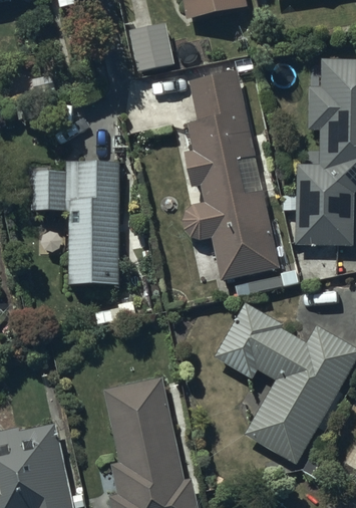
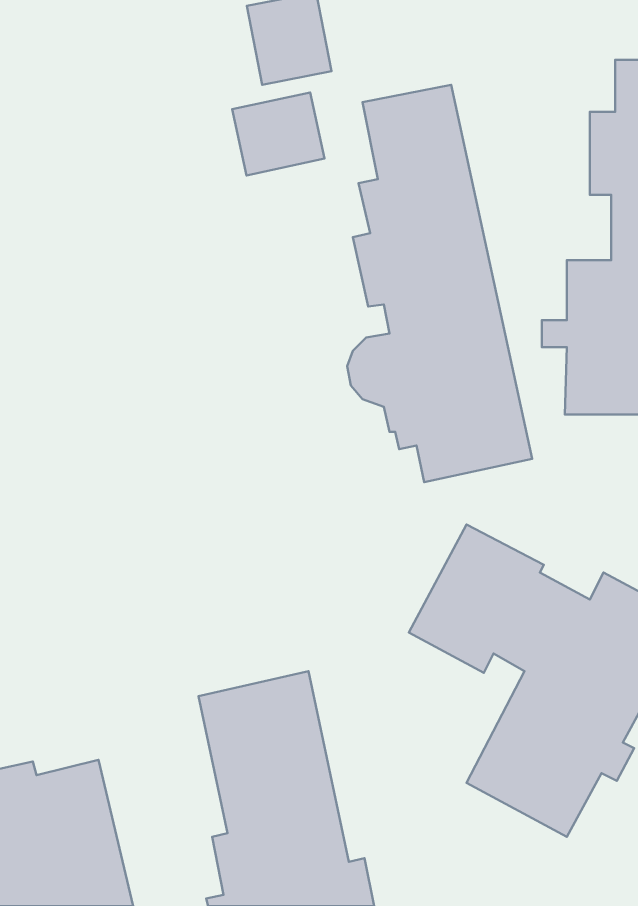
building: none -> [232,92,324,175]
building: [29,162,120,286] -> none

